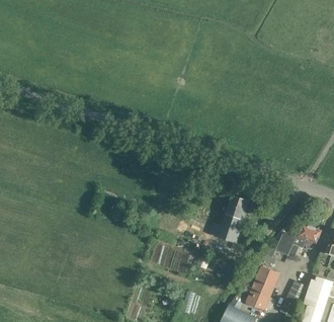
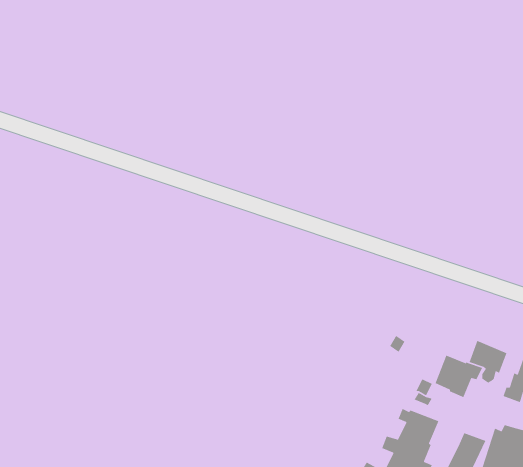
building: [217,196,248,243] -> none

